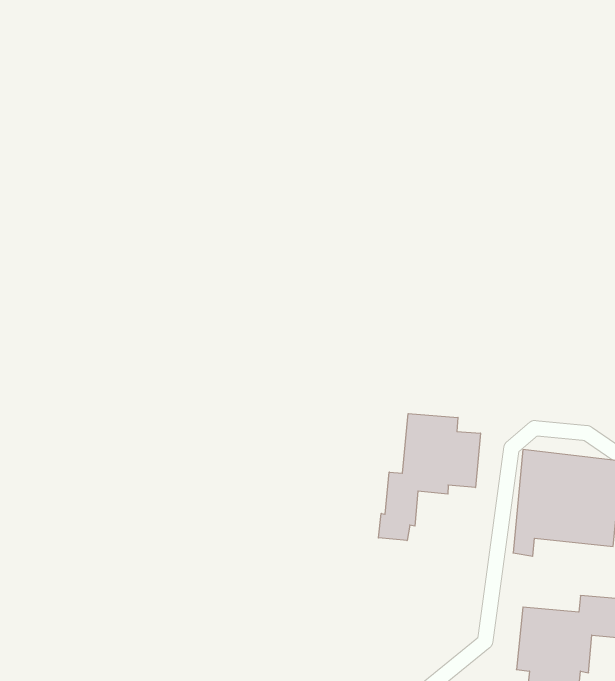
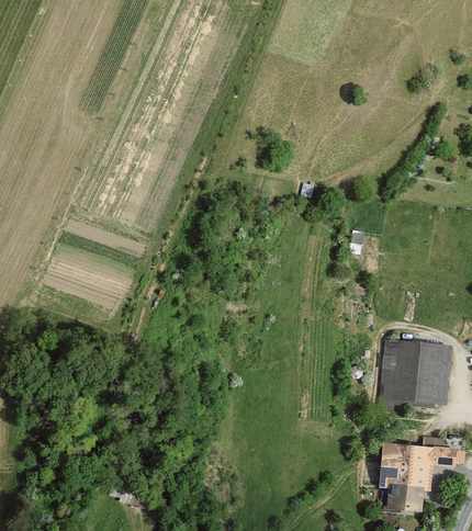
building: [378,414,480,541] -> none

